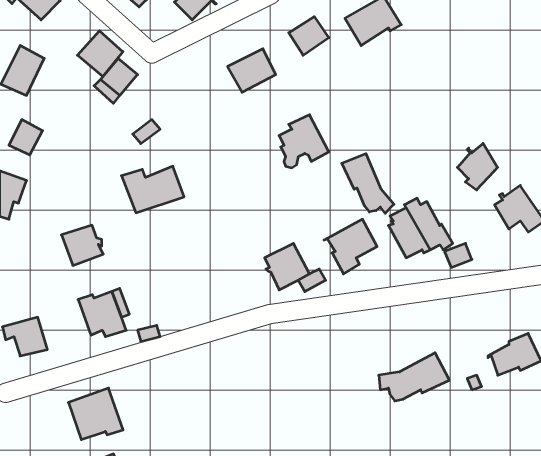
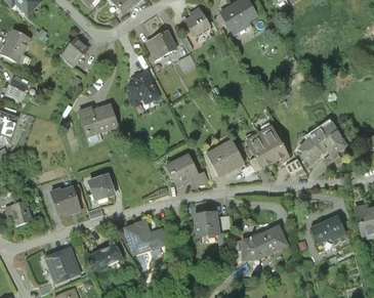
building: [77,31,123,77] -> none
building: [279,115,329,168] -> [127,72,159,105]
building: [457,143,498,190] -> [299,131,325,161]
building: [342,154,394,213] -> none
building: [61,225,103,265] -> [88,175,115,201]
building: none -> [195,212,218,237]
building: none -> [125,221,166,254]
building: none -> [92,244,121,269]

